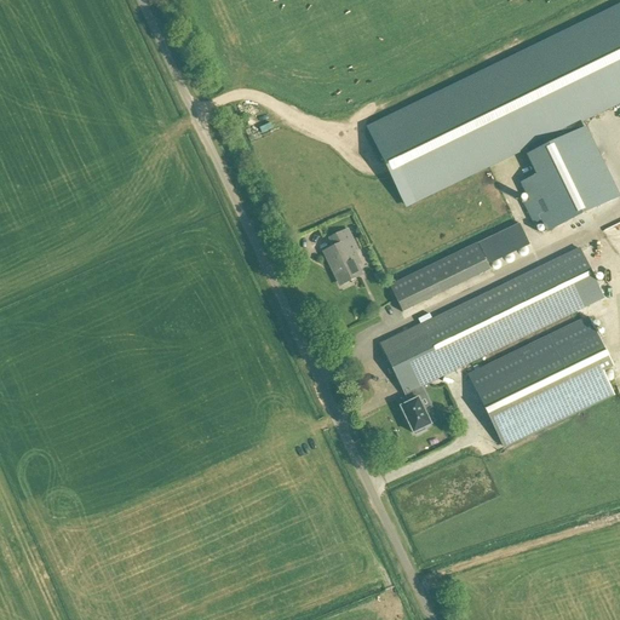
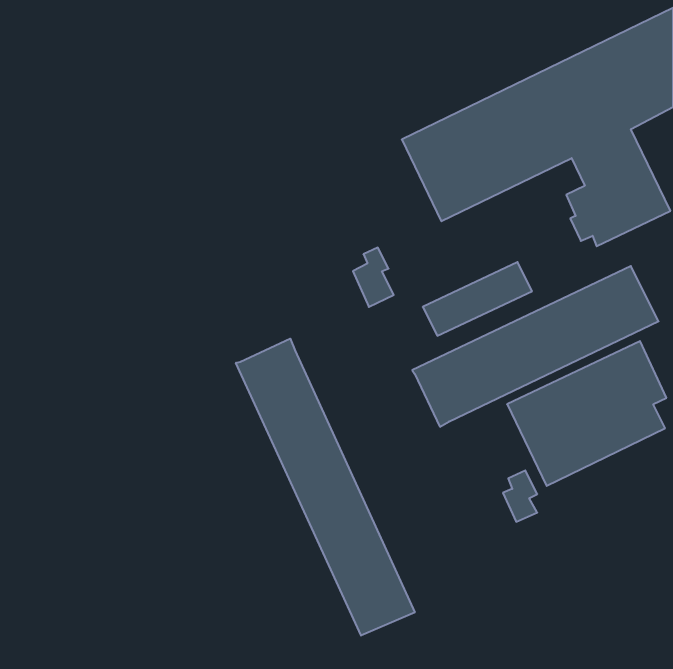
building: [477,220,529,262] -> none
building: none -> [236,339,415,636]
building: [400,386,431,434] -> [503,470,537,522]

